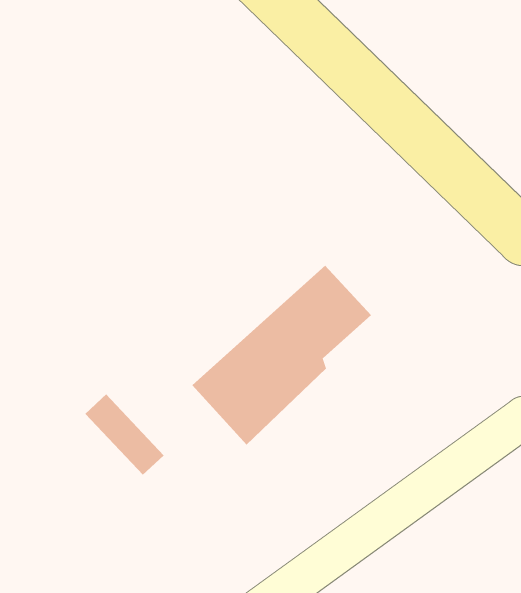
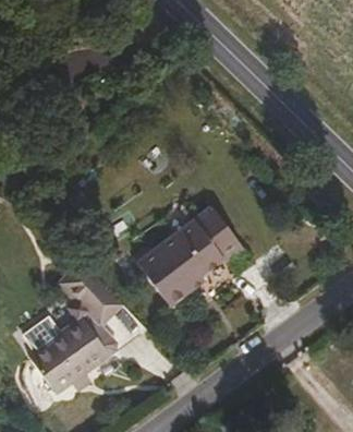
building: none -> [29,314,113,393]

